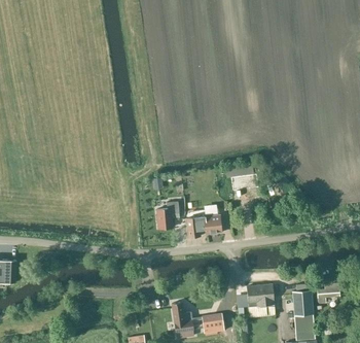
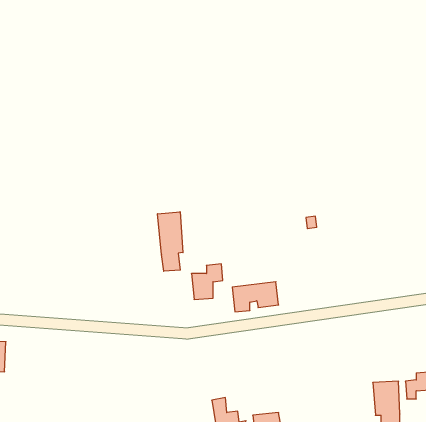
building: none -> [158,212,183,271]
building: [246,283,274,306] -> none

